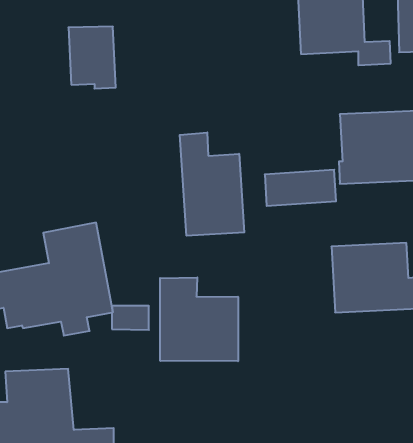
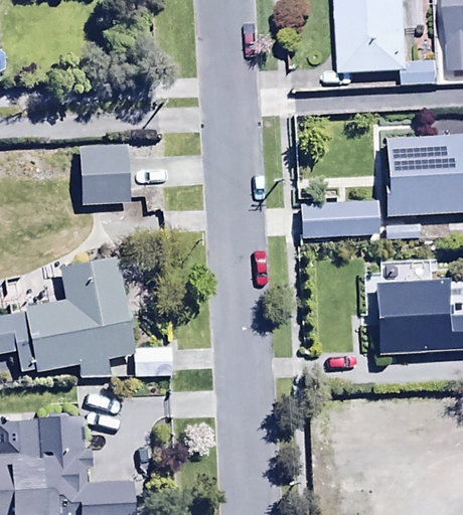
building: [68,27,116,89] -> [79,142,130,209]
building: [180,132,244,236] -> none
building: [160,277,238,361] -> none

